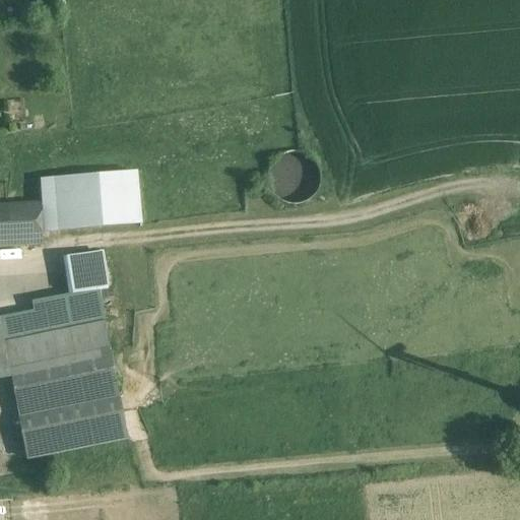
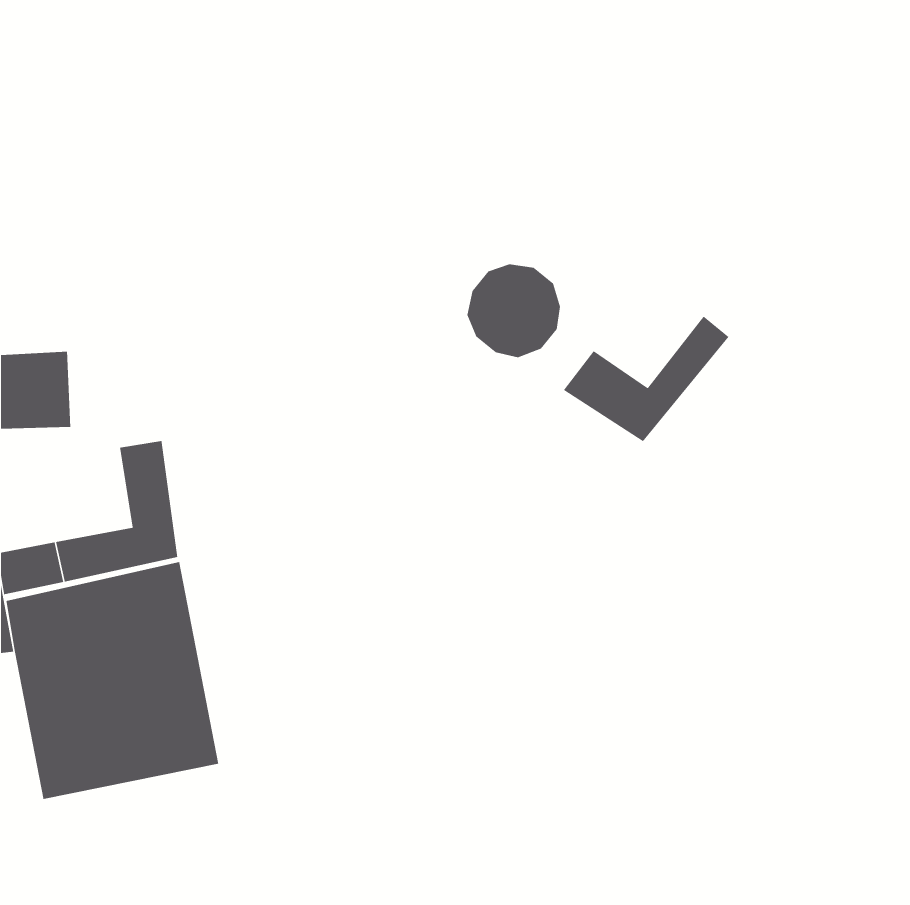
building: [40,171,139,229] -> none
building: none -> [563,315,730,442]

